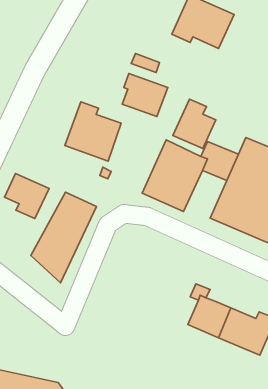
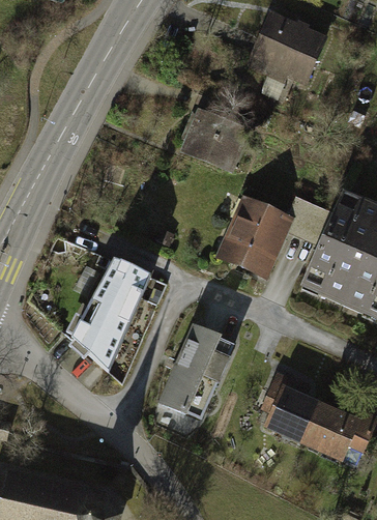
building: [173,99,216,148] -> none
building: [65,102,121,161] -> none
building: [5,173,49,218] -> none
building: none -> [163,326,233,418]

